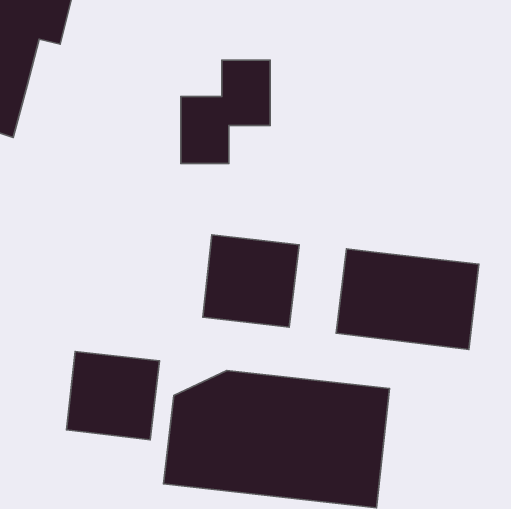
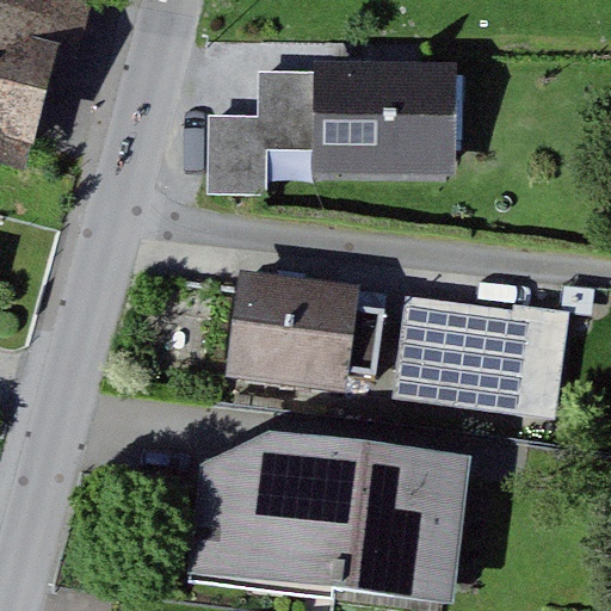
building: none -> [321,70,453,169]
building: [66,352,159,440] -> none

